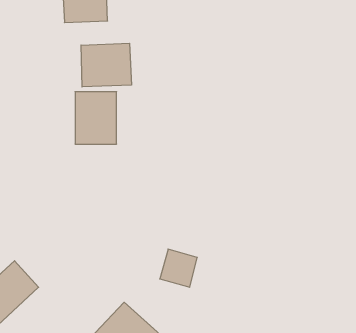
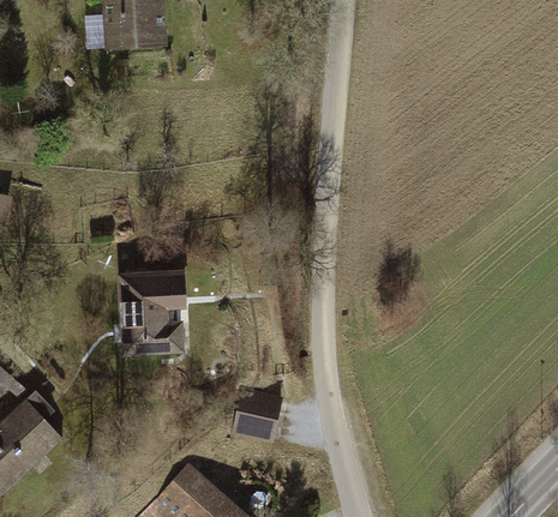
building: [81,43,131,87] -> none
building: [75,92,117,144] -> [118,272,178,348]

